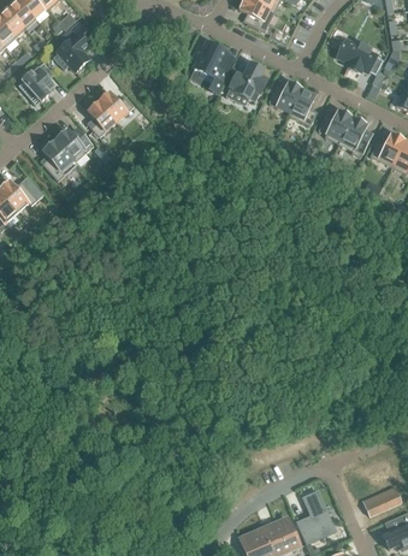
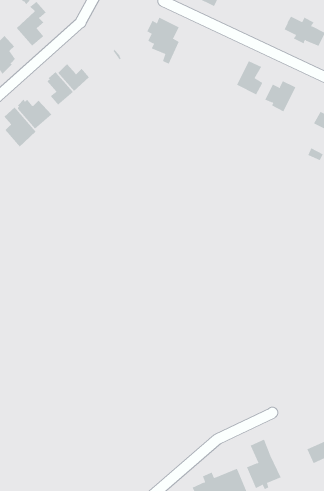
building: [225,63,266,101] -> none
building: [268,79,302,112] -> none
building: [338,116,371,156] -> none

